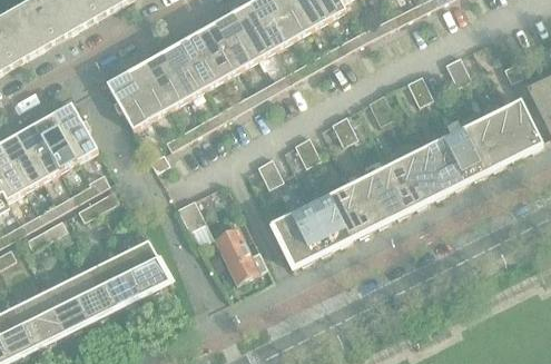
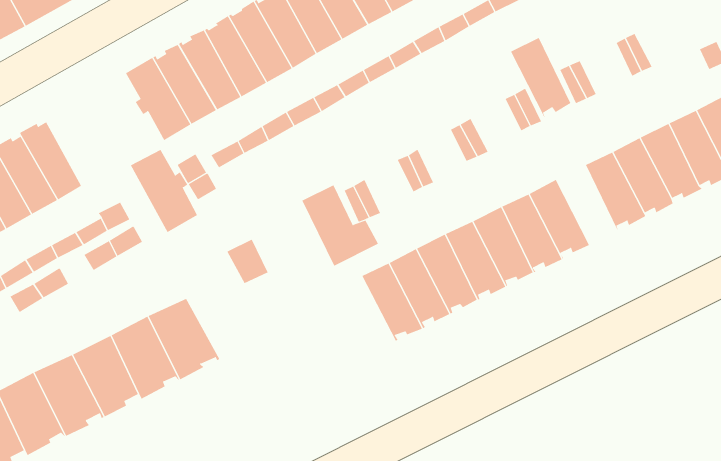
building: [50,101,97,159] -> [130,149,198,233]
building: [404,145,446,200] -> [510,37,571,118]
building: [214,224,267,281] -> [302,184,379,266]

